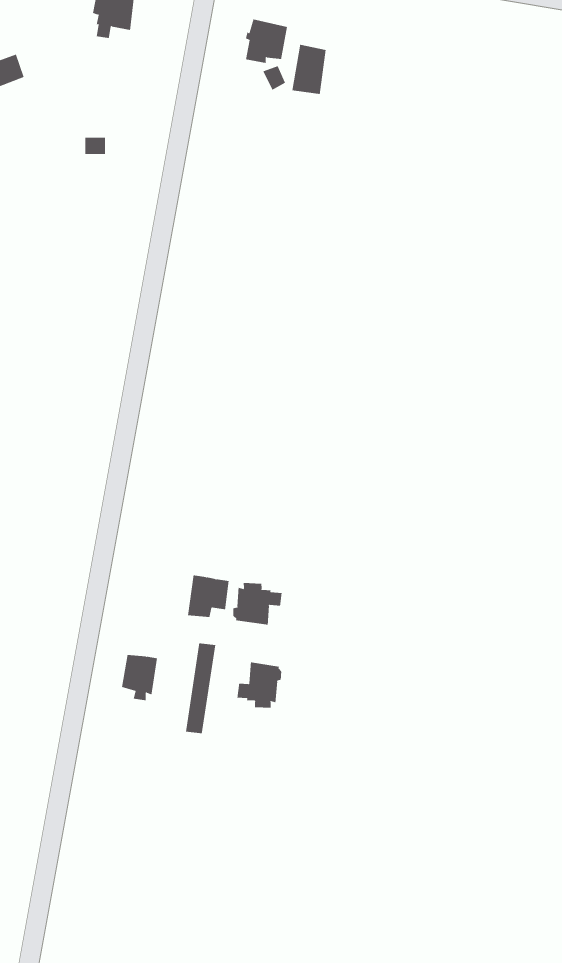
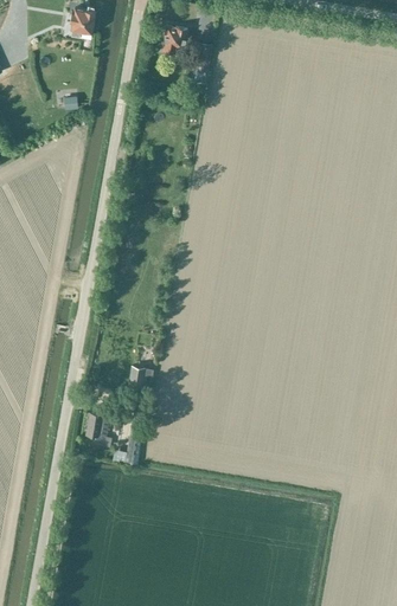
building: [233,582,282,626] -> none
building: [237,662,282,709] -> none

